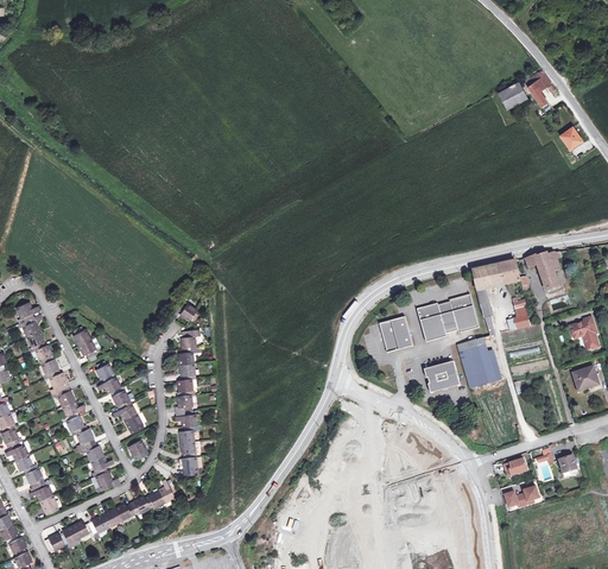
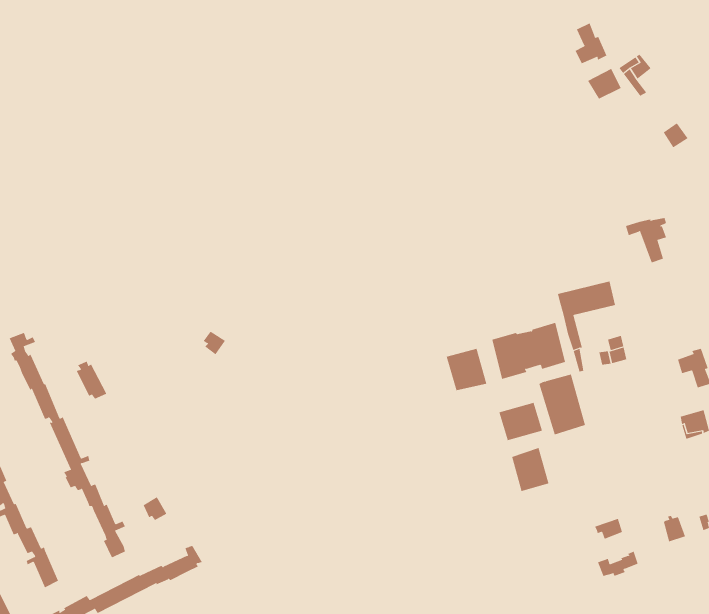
building: none -> [575,23,607,64]
building: [526,251,560,289] -> [625,217,667,263]
building: [175,328,198,473] -> none
building: [95,360,142,434] -> none
building: none -> [512,447,549,492]

